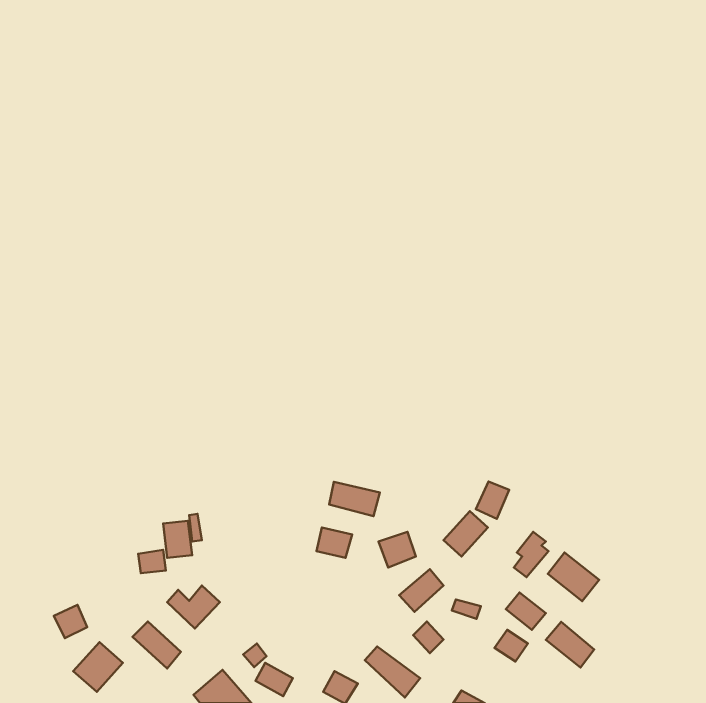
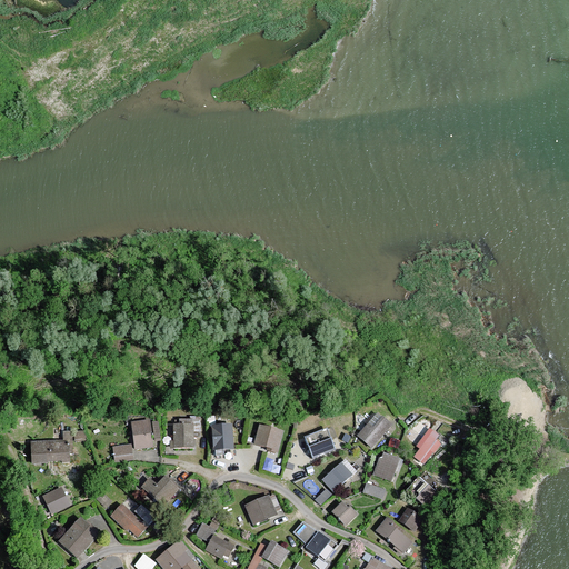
building: [476,482,509,519] -> [373,451,400,481]
building: [329,482,380,516] -> none
building: none -> [173,422,193,448]
building: none -> [212,423,234,451]
building: none -> [31,440,69,463]
building: [548,552,599,601] -> none
building: none -> [244,495,277,525]
building: [546,622,594,667] -> [376,516,415,552]

